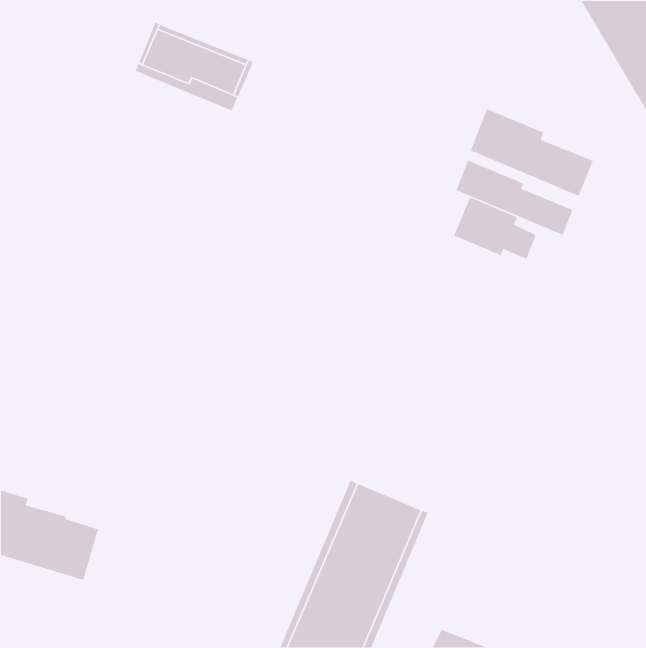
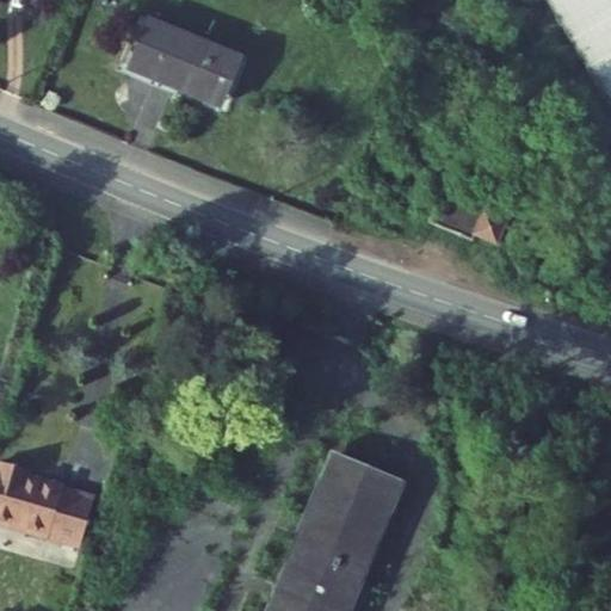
building: [470,108,594,197] -> none
building: [456,159,574,236] -> none

